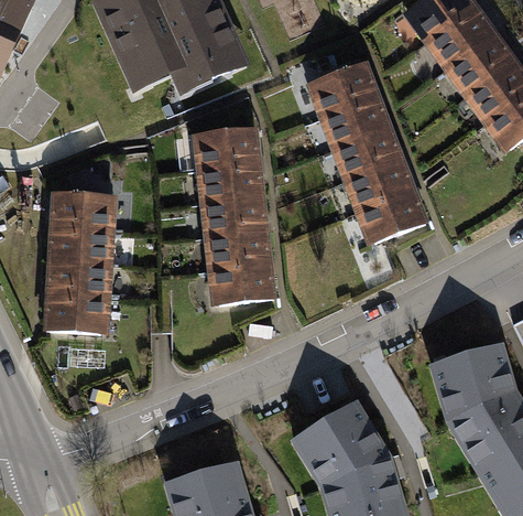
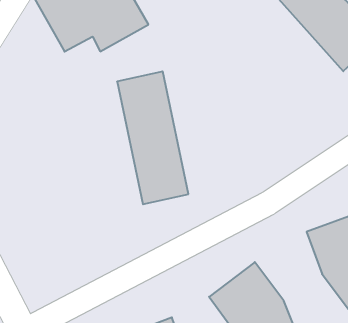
building: [309,63,425,243] -> none
building: [47,194,112,330] -> none

